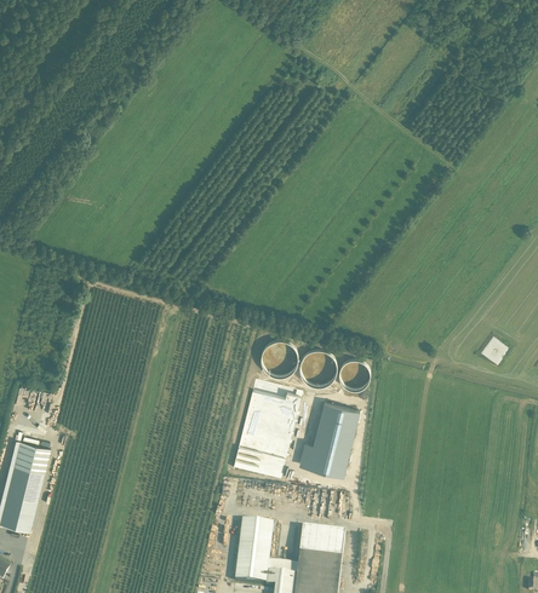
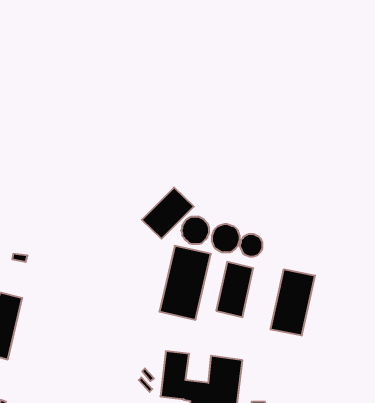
building: none -> [142,187,194,239]
building: none -> [271,269,315,336]

